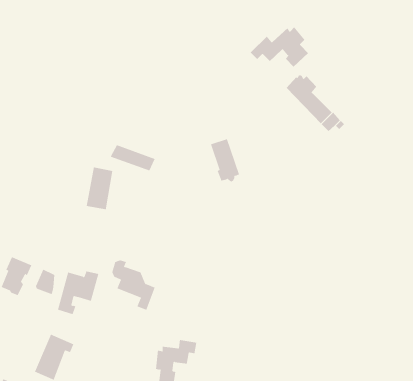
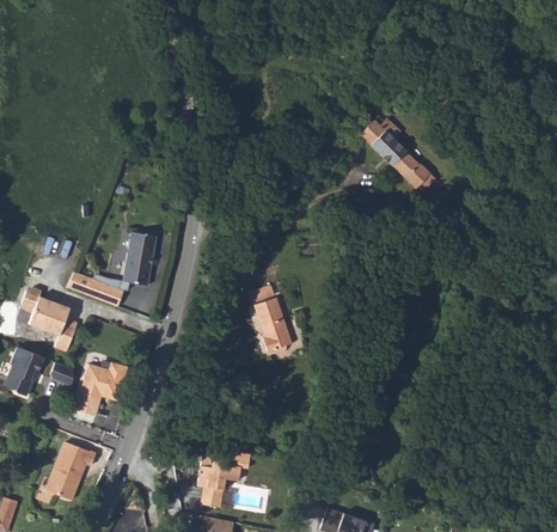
building: [250,27,309,68] -> none
building: [210,138,240,182] -> [252,296,289,351]
building: [110,144,156,171] -> [66,274,123,307]
building: [112,260,155,310] -> [23,287,78,350]

